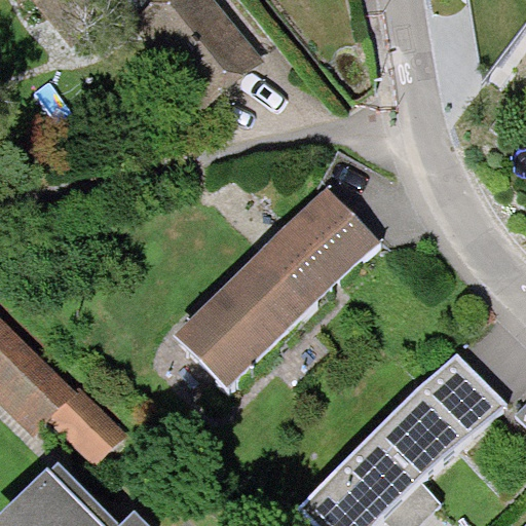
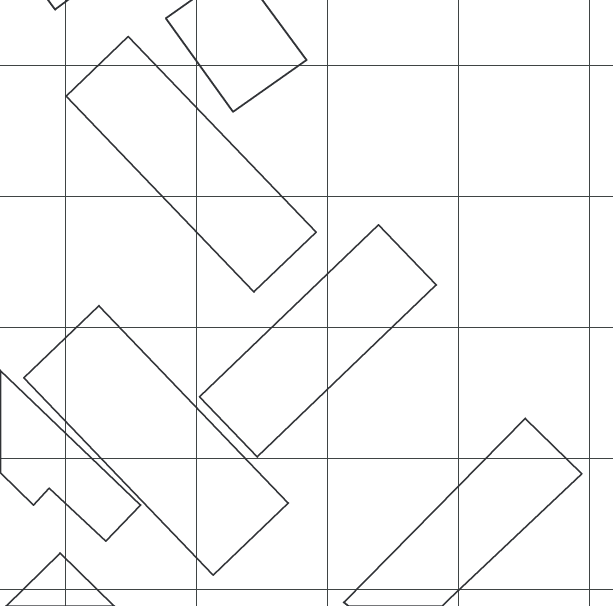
building: none -> [66,37,316,292]
building: none -> [24,306,288,575]

